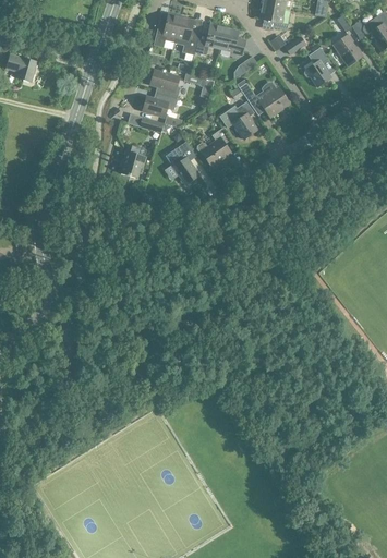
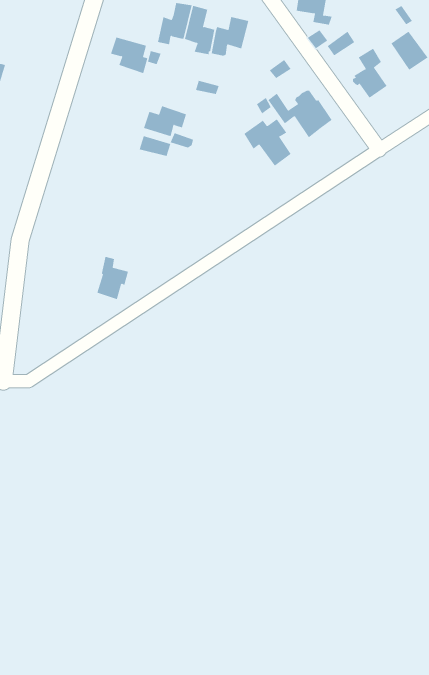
building: [219,27,245,56] -> none
building: [150,71,180,99] -> [110,37,148,74]
building: [196,128,231,166] -> none
building: [166,141,199,184] -> none
building: [121,145,146,179] -> [96,256,129,300]

